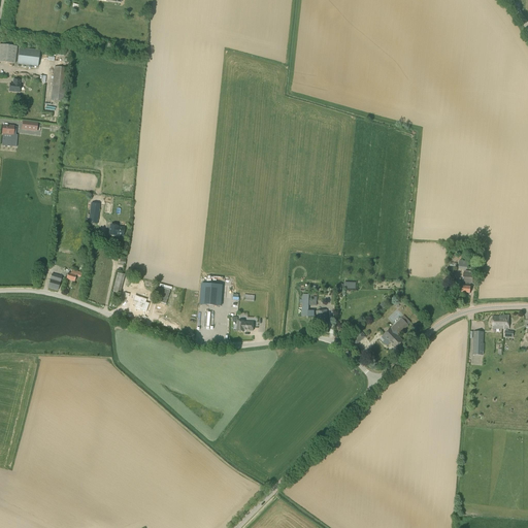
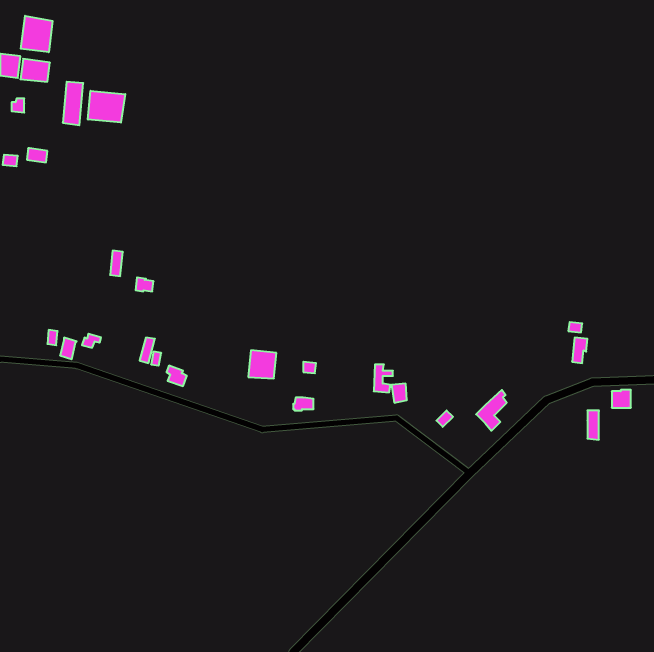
building: none -> [21,16,53,52]
building: none -> [88,91,125,123]

